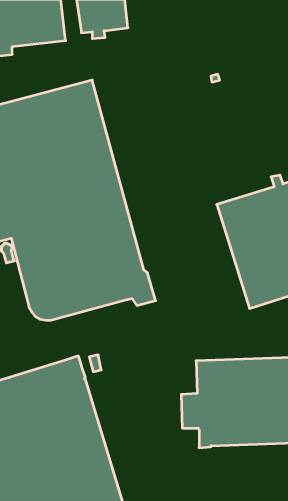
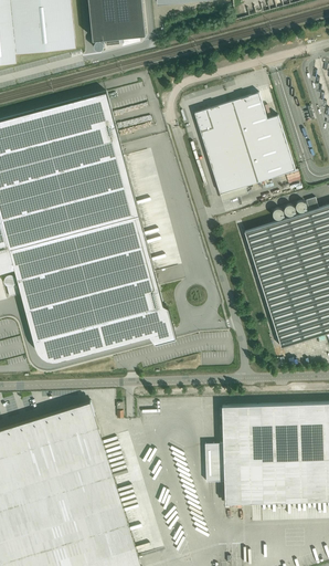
building: none -> [193,93,295,195]

